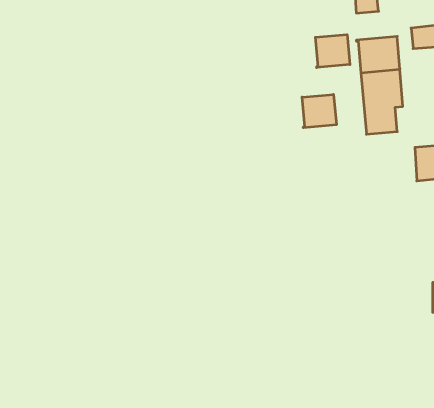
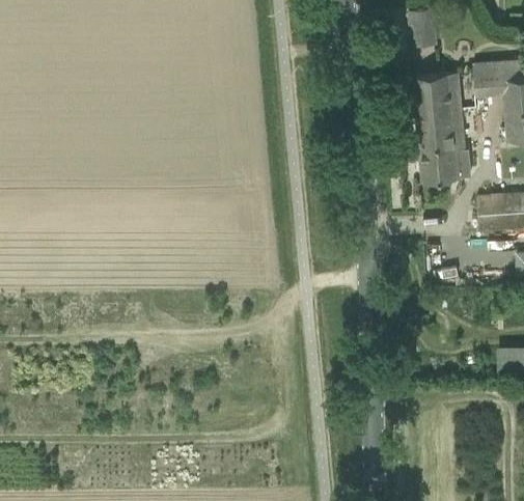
building: [315,35,350,68] -> none
building: [302,94,336,128] -> none

